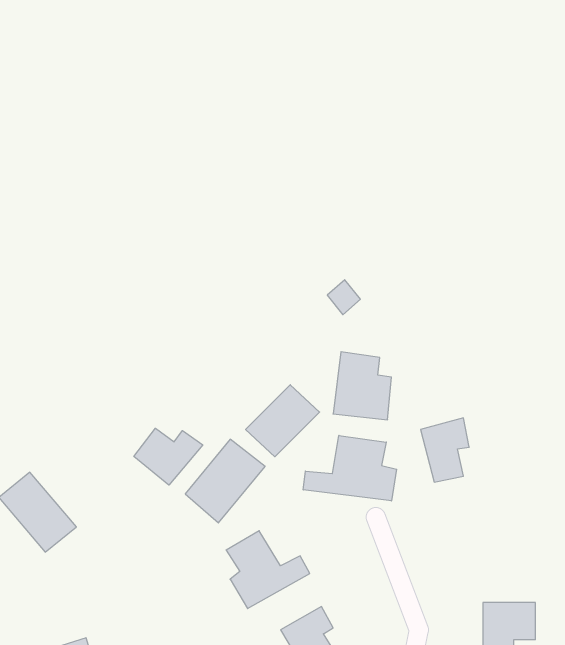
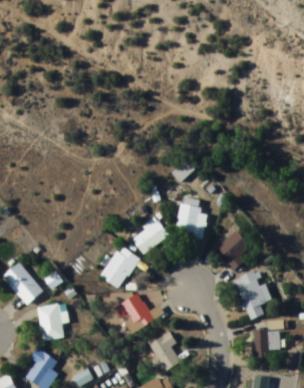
building: [134,428,203,485] -> none
building: [303,435,397,501] -> none
building: none -> [236,277,267,320]
building: none -> [38,303,68,340]

